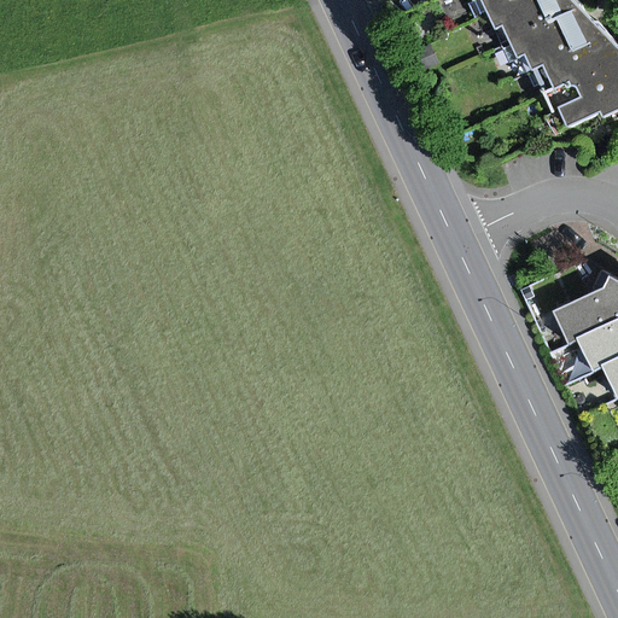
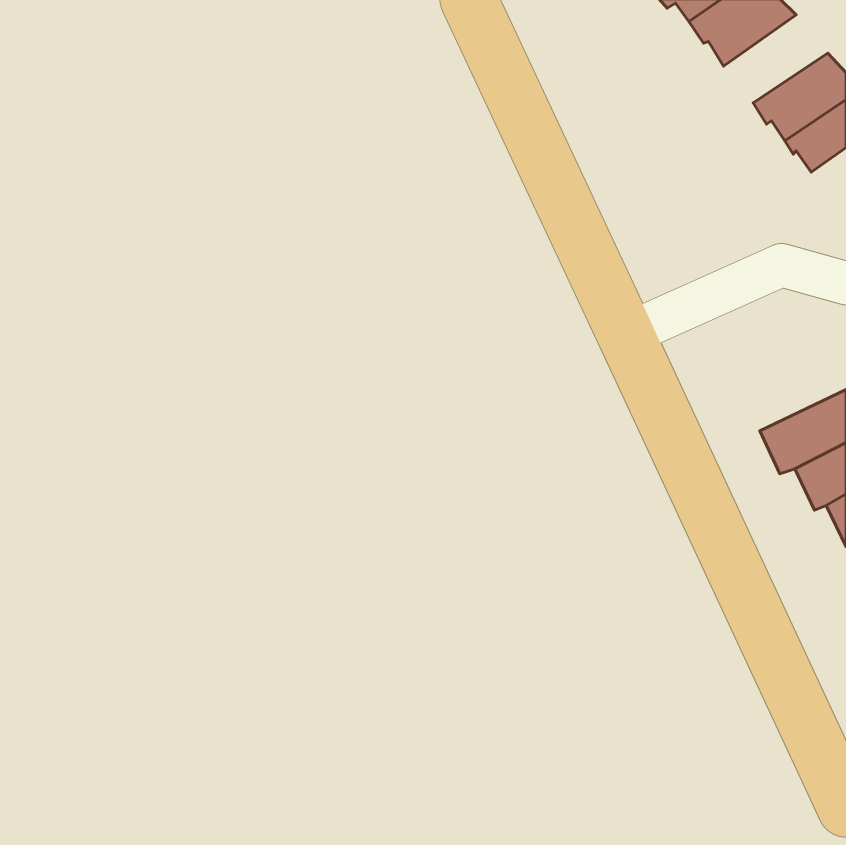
building: [527,11,604,75] -> none

